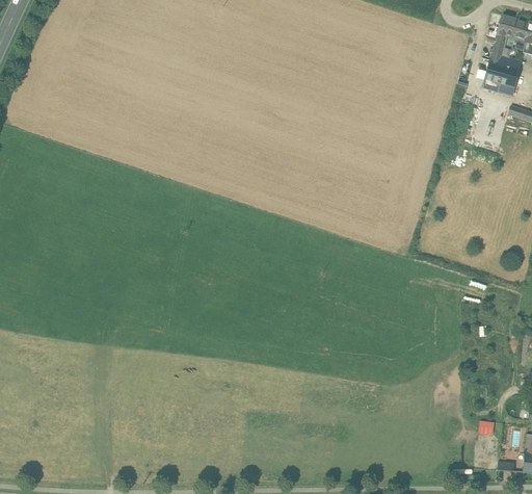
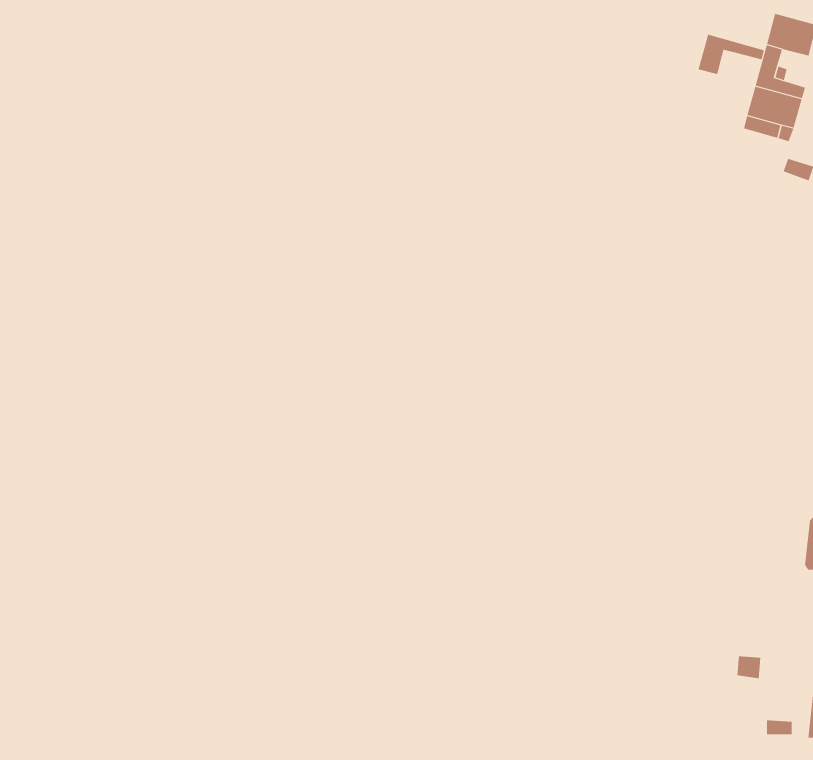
building: none -> [698,34,765,75]

